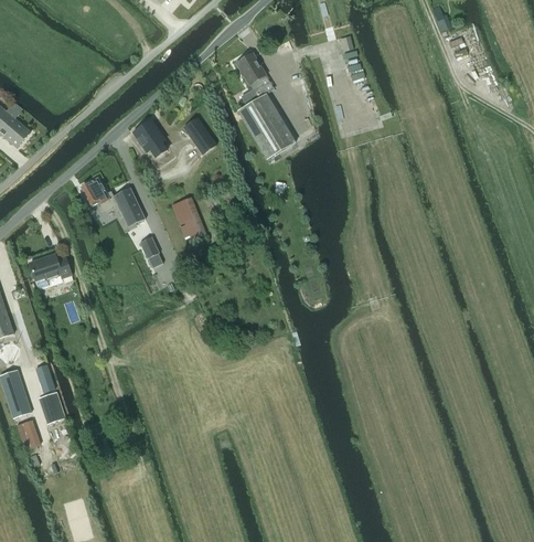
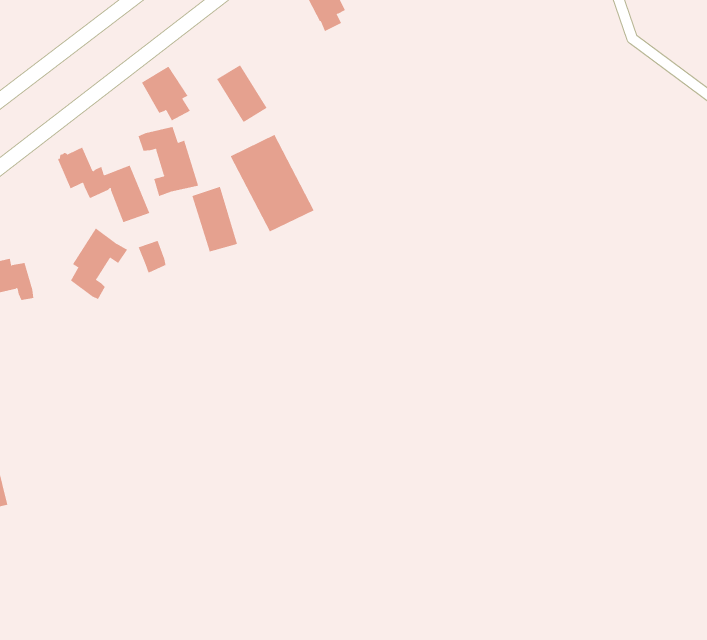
building: [236,93,295,158] -> [230,134,314,232]
building: none -> [138,126,199,197]
building: none -> [70,228,128,300]

